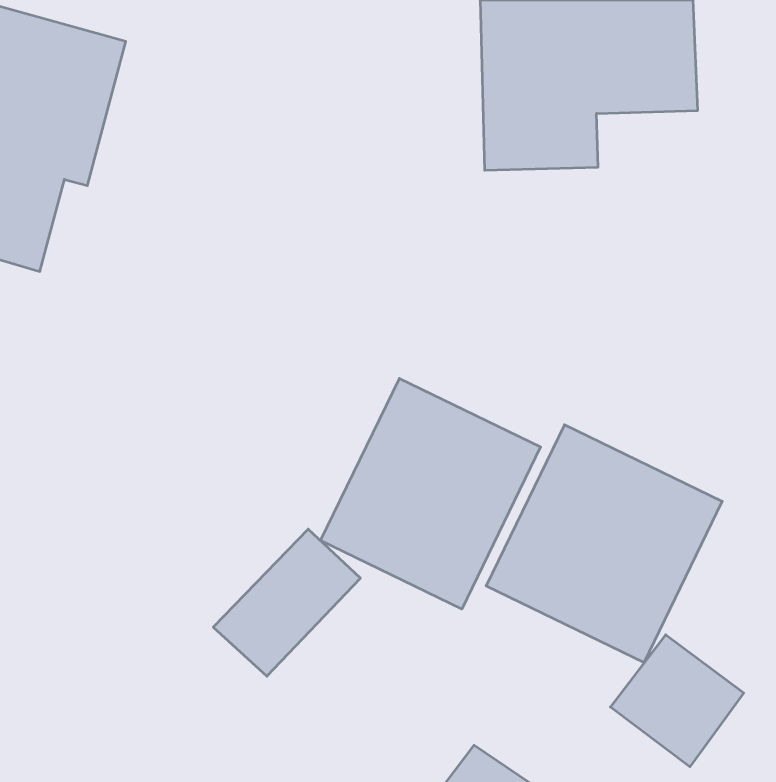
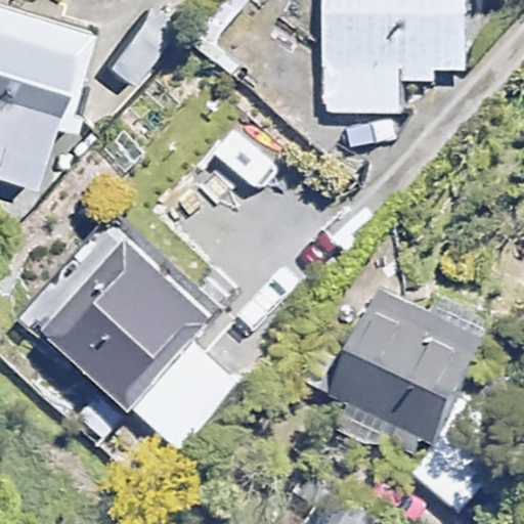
building: none -> [29,223,215,409]
building: [321,378,541,609] -> none

